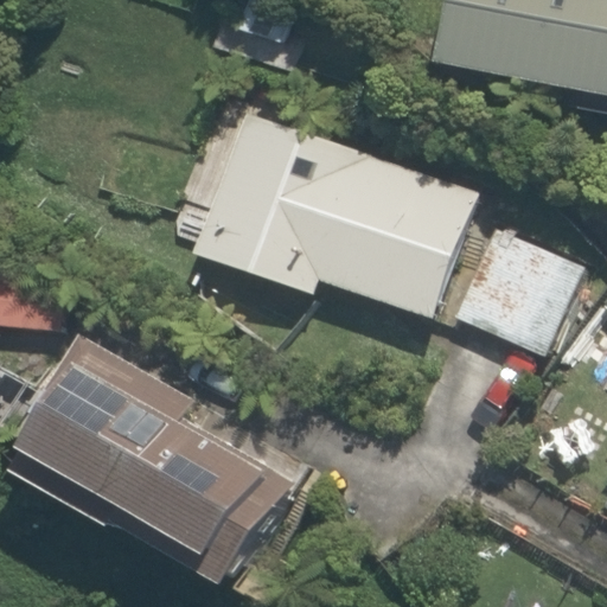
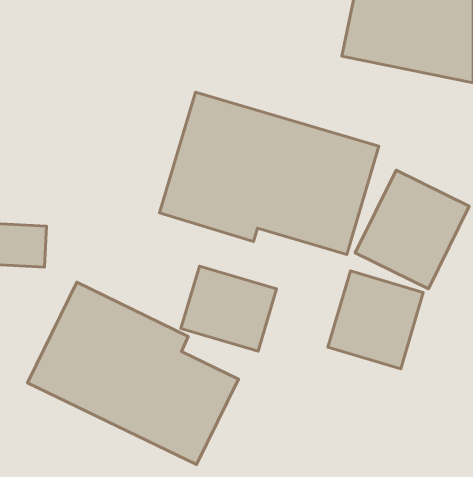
building: none -> [181,266,277,351]
building: none -> [328,271,423,369]

